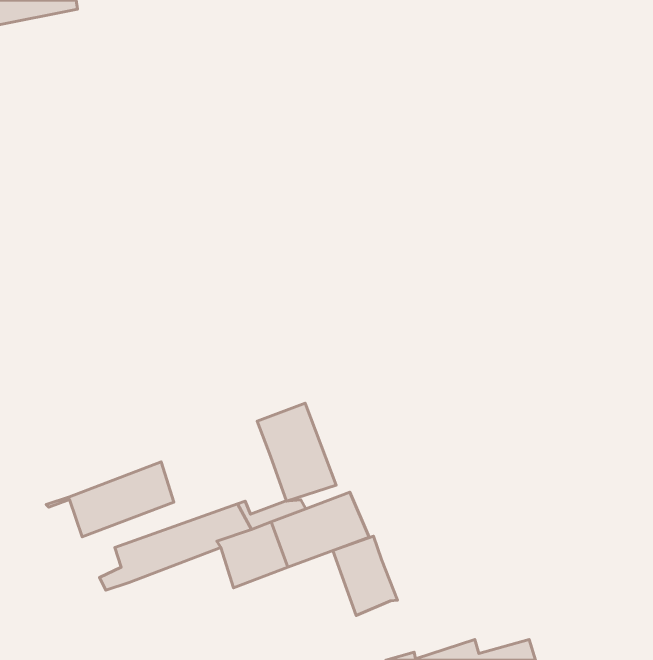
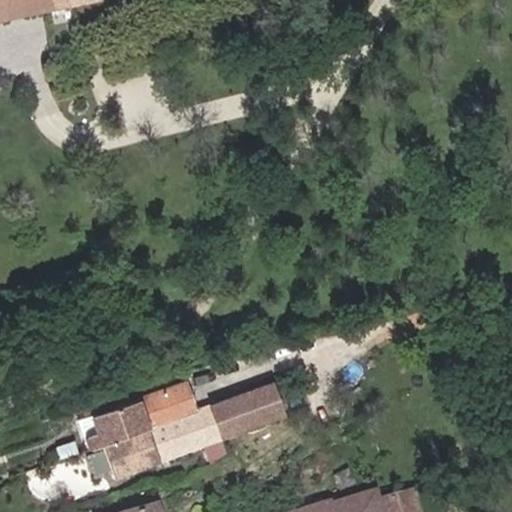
building: [257,403,336,501] -> none
building: [46,462,174,537] -> [82,424,181,482]
building: [333,536,397,616] -> none

